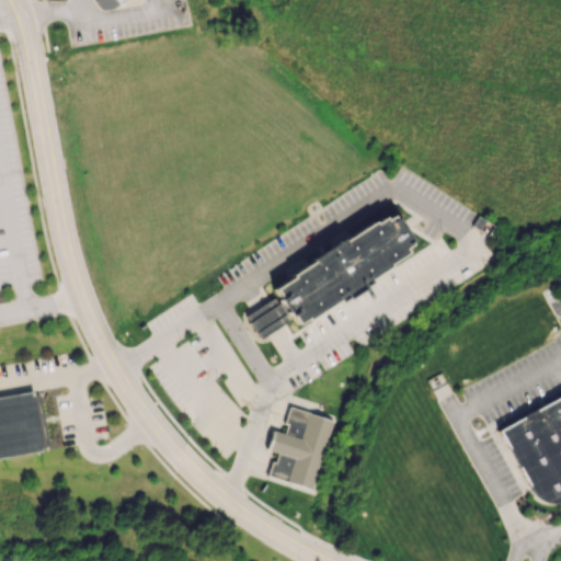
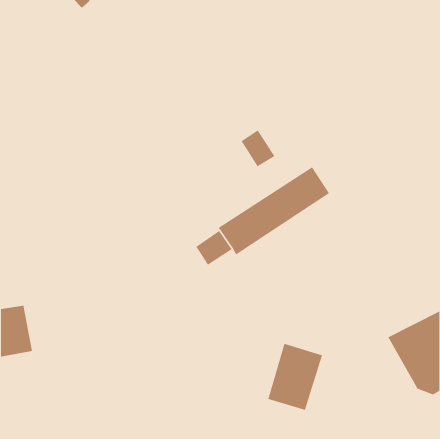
building: none -> [241,129,275,167]
building: [267,403,337,489] -> [268,343,323,411]

